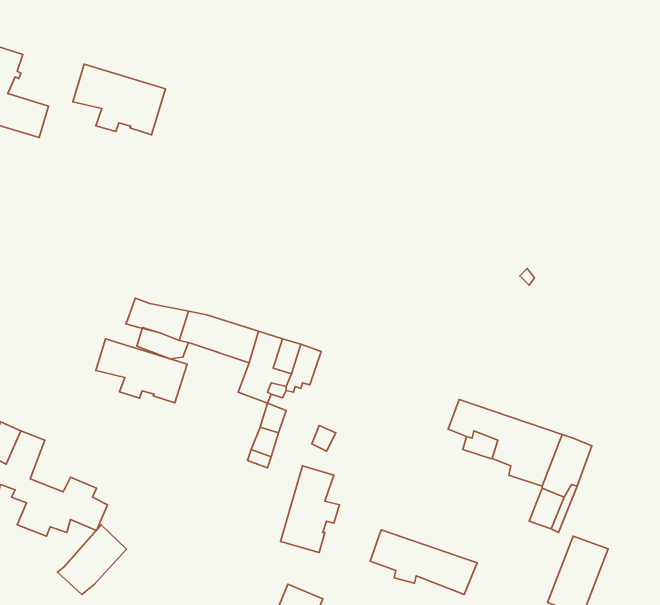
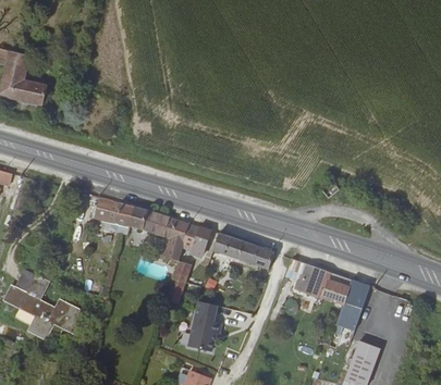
building: [73,64,165,135] -> none
building: [96,339,187,403] -> none
building: [58,525,126,595] -> none
building: [370,530,477,594] -> [211,233,274,271]

